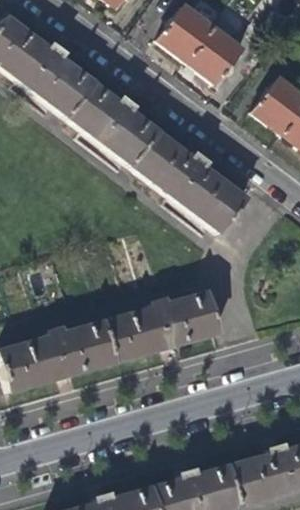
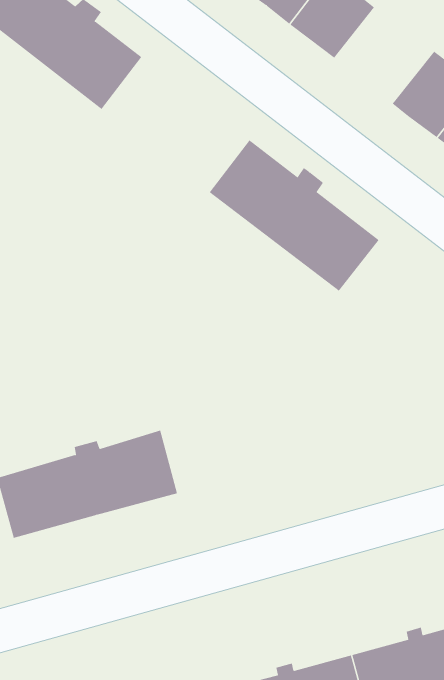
building: [66,81,161,168] -> none
building: [104,292,220,362] -> none

